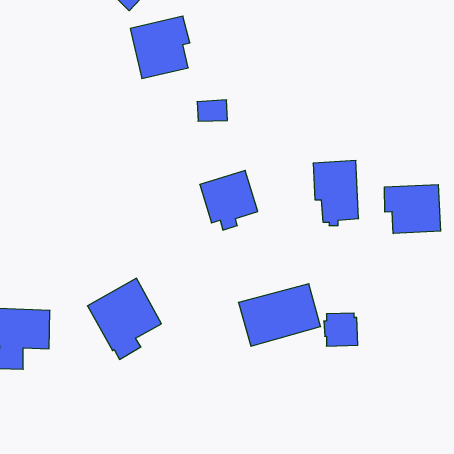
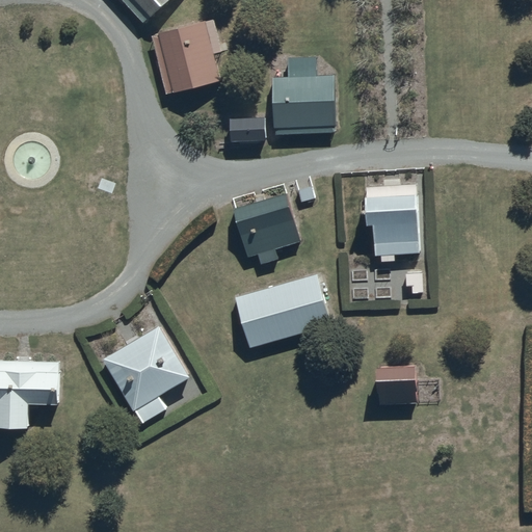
building: none -> [272,56,335,130]
building: [385,185,441,234] -> none
building: [238,284,321,346] -> [235,280,330,352]

